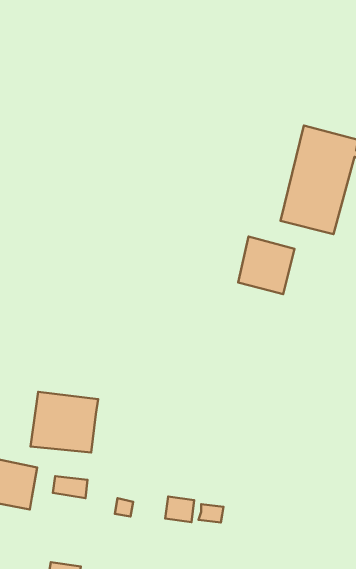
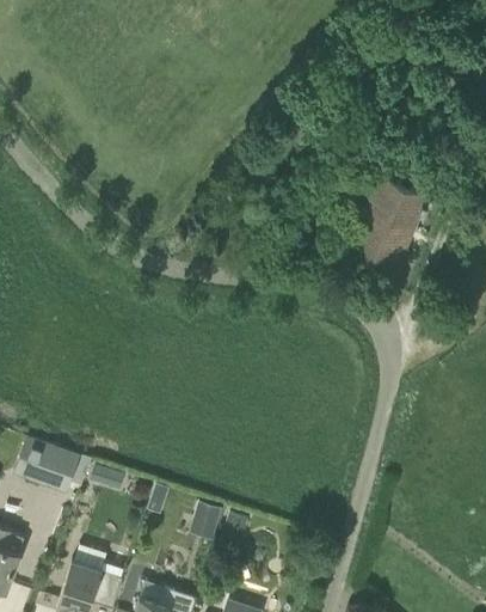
building: [238,236,294,294] -> none
building: [31,392,98,452] -> none

